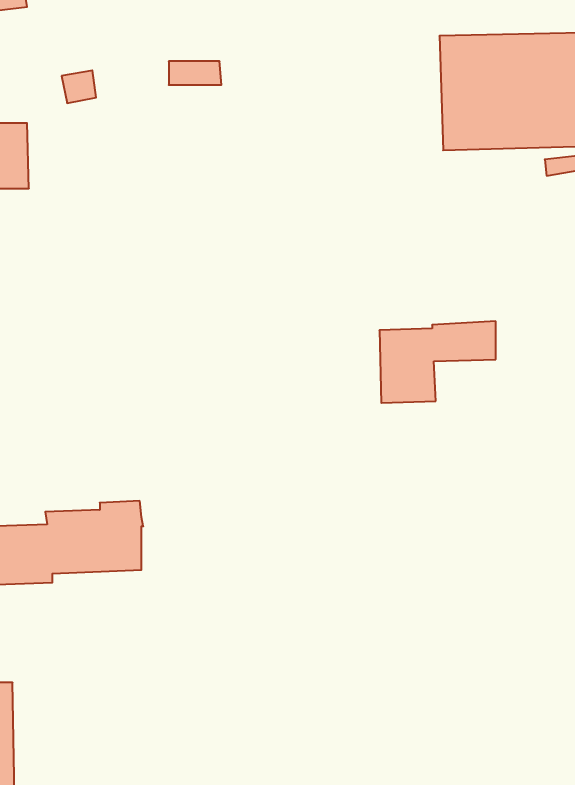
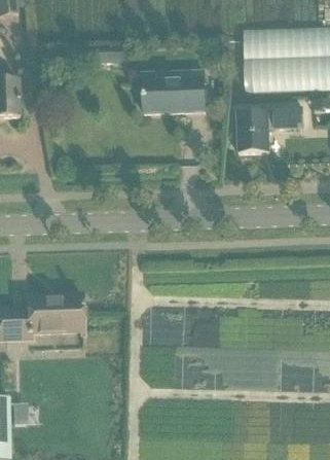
building: none -> [142,69,205,111]
building: [379,321,496,403] -> [236,105,302,151]

